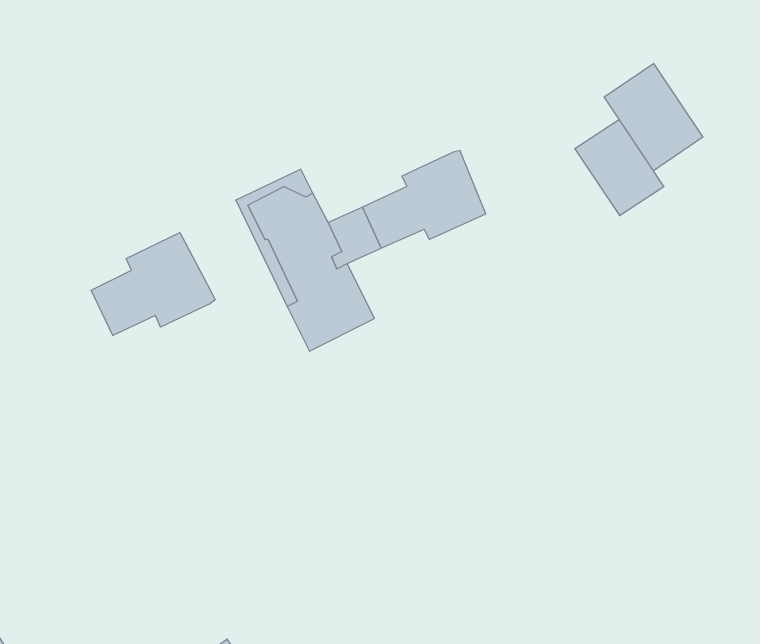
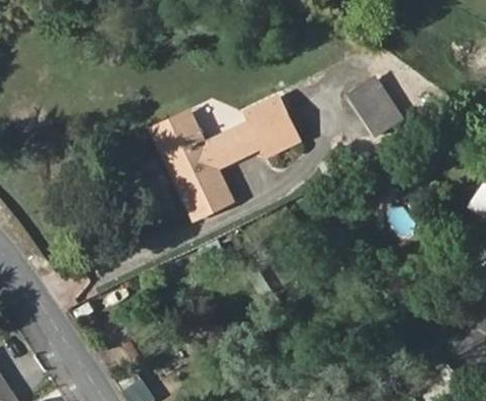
building: [604,63,703,171] -> none
building: [91,233,215,336] -> none

